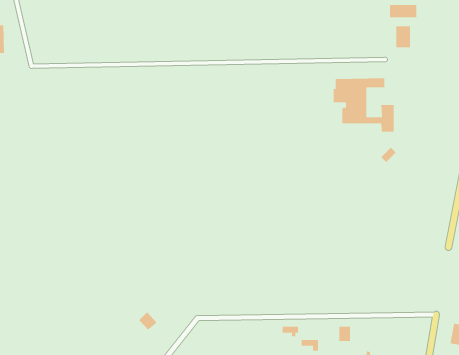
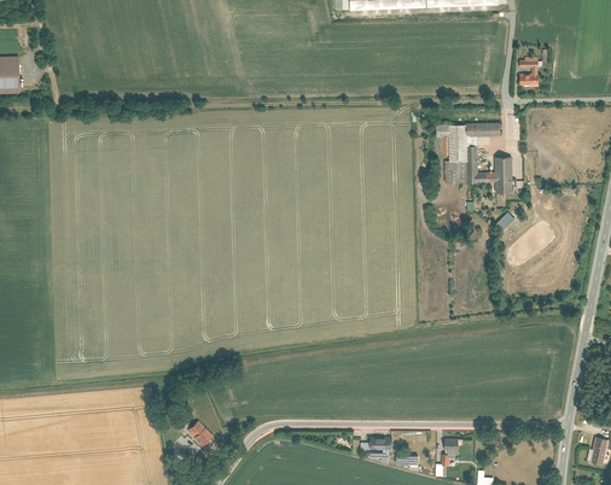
building: [389,4,417,18] -> none

